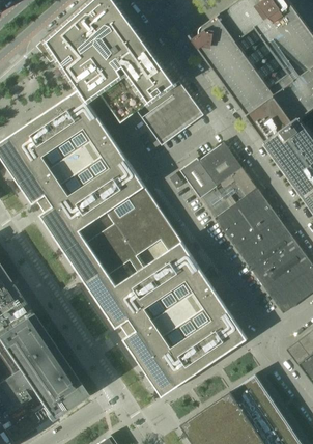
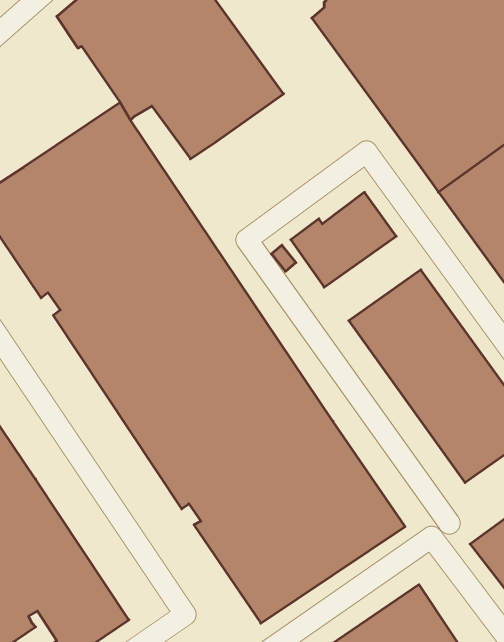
building: [137,82,204,145] -> none
building: [200,168,257,218] -> none

